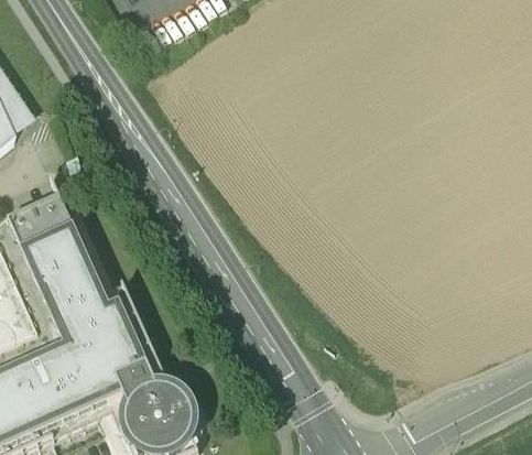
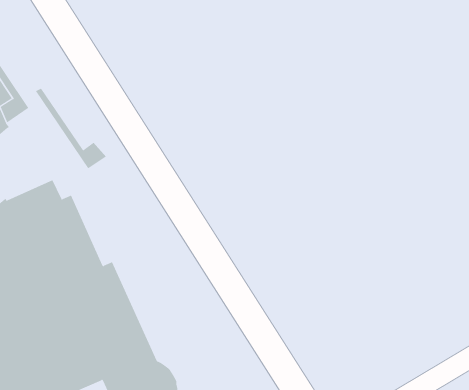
building: none -> [35,88,107,169]

